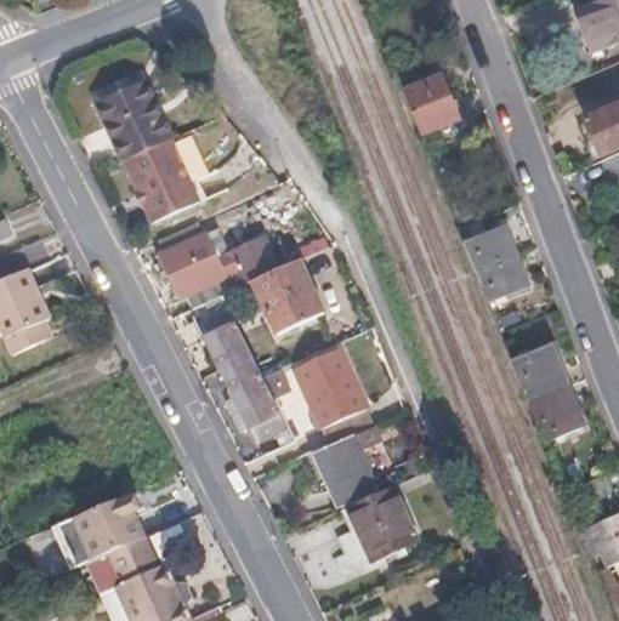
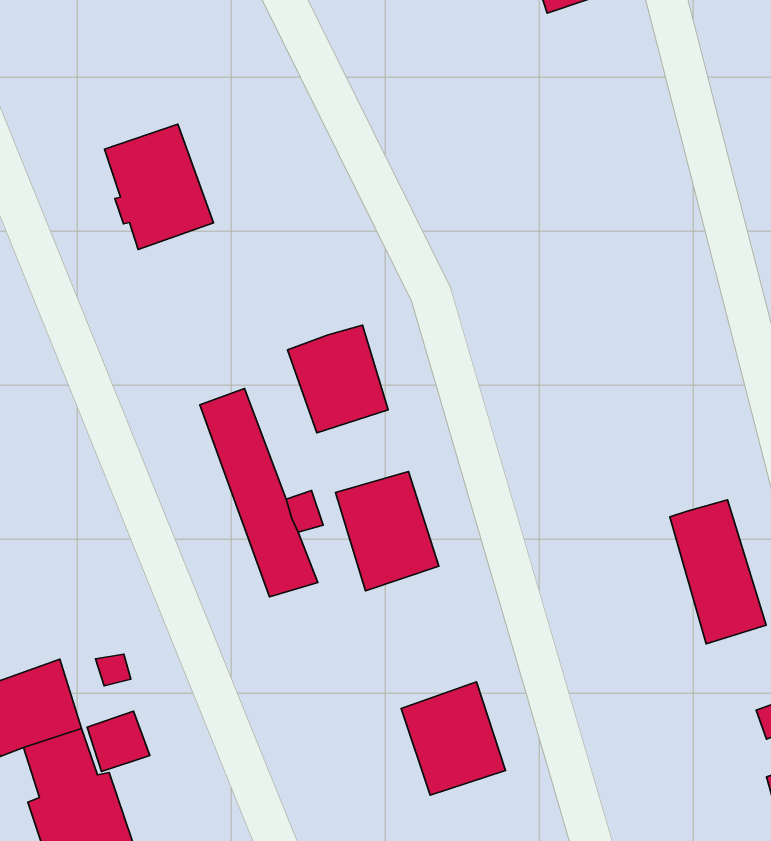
building: [95,78,171,159] -> none
building: [404,80,460,137] -> none
building: [159,229,279,303] -> none
building: [465,232,524,304] -> none
building: [314,432,390,501] -> none

